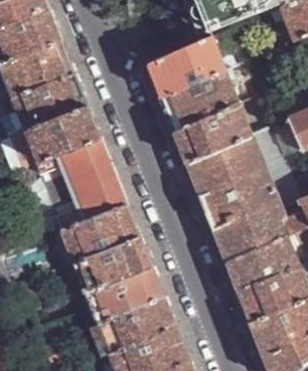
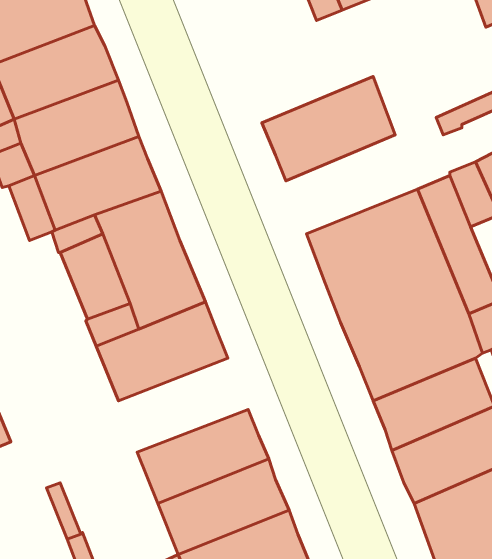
building: [147,38,225,99] -> none
building: [174,106,252,164] -> none
building: [75,237,152,293] -> none

